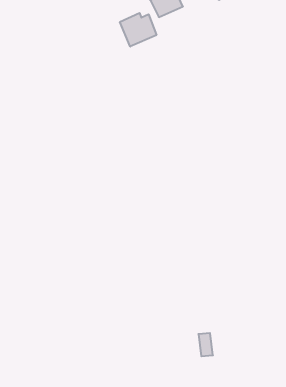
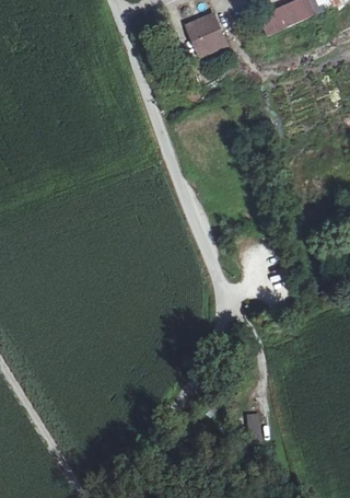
building: [120,13,156,47] -> none

